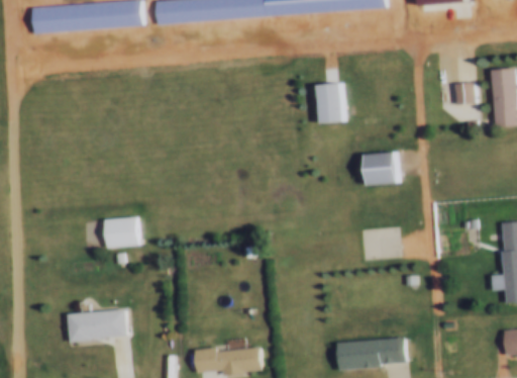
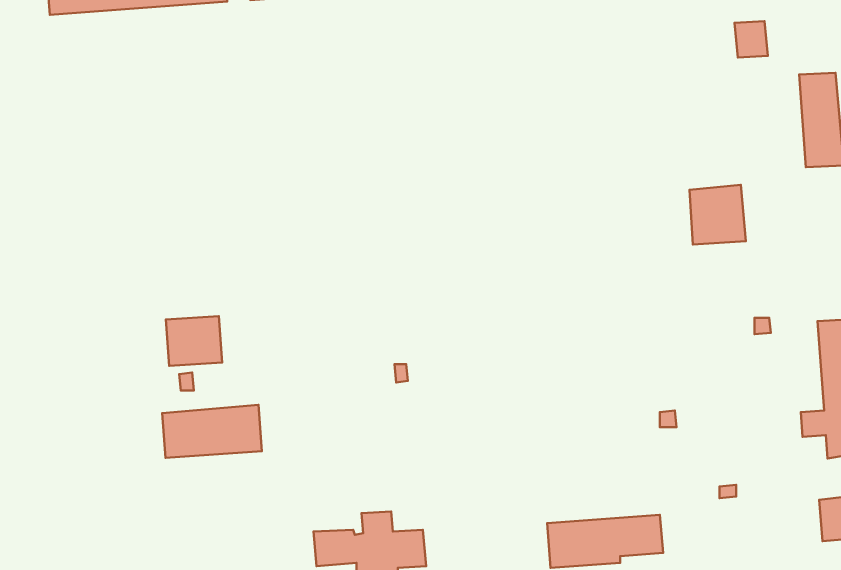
building: [453,82,474,104] -> [735,21,768,58]
building: [317,84,345,124] -> none
building: [365,150,399,186] -> [689,185,746,244]
building: [68,309,128,342] -> [162,405,262,458]

